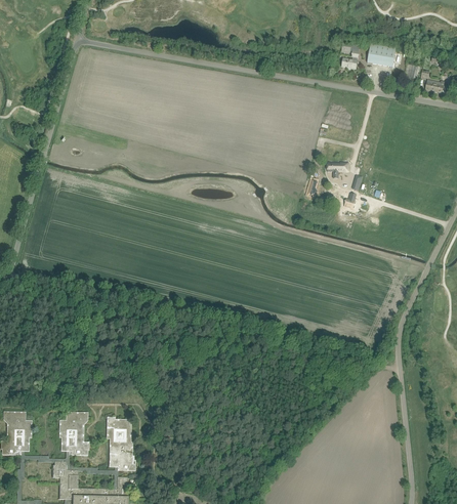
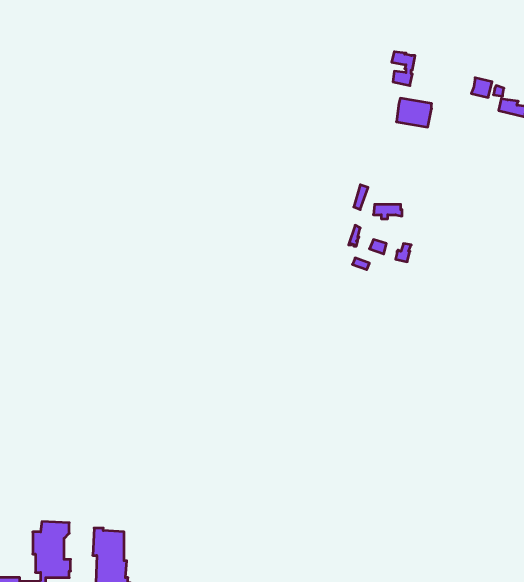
building: [368,44,396,67] -> [396,98,432,127]

